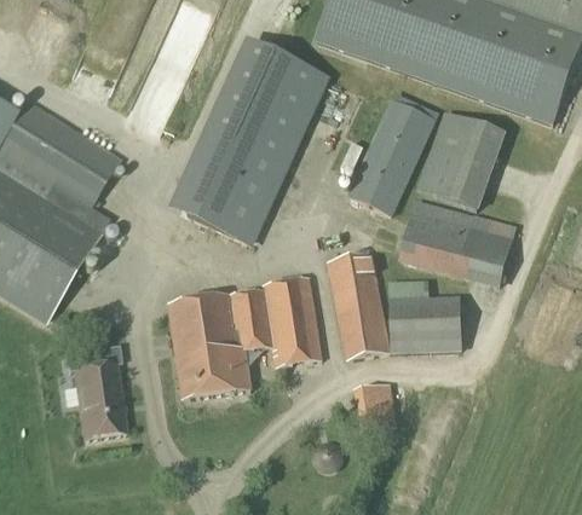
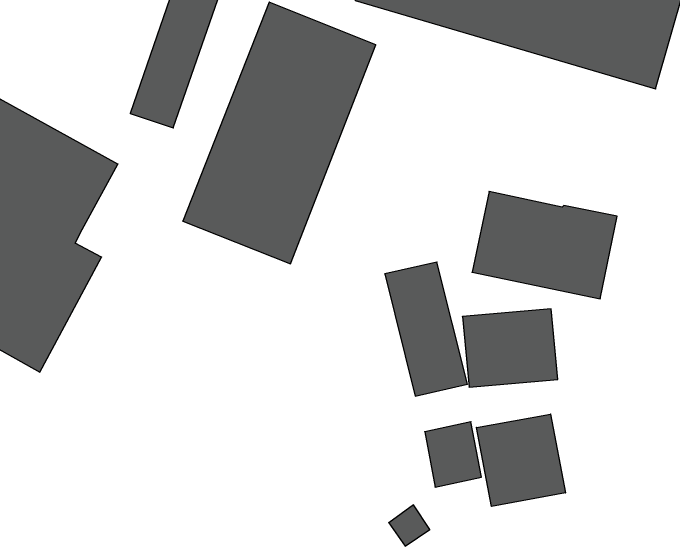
building: [350,99,434,213] -> none
building: [415,109,506,210] -> none
building: [168,276,321,398] -> none
building: [64,345,125,439] -> none
building: none -> [476,414,565,506]

